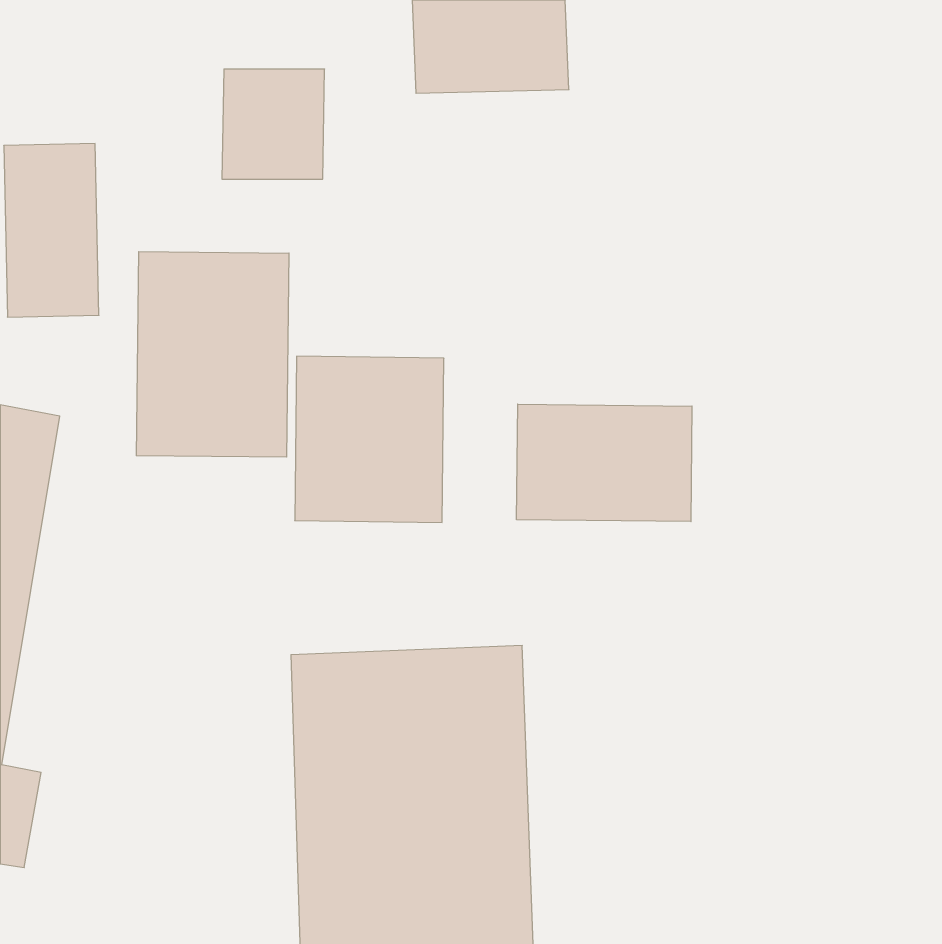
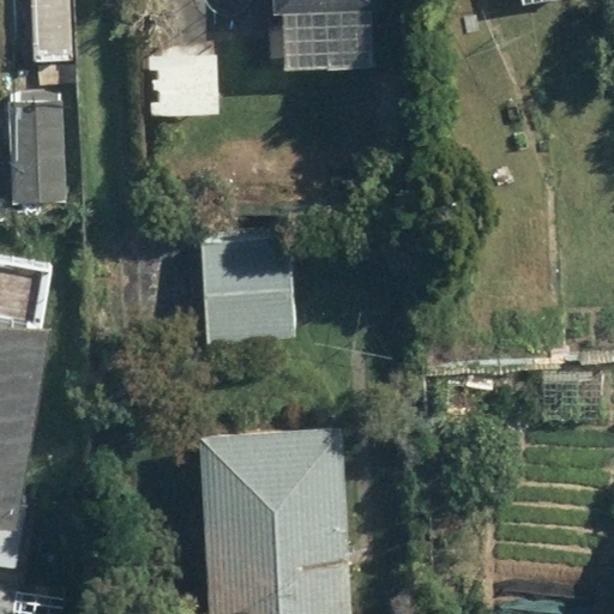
building: [136,252,289,457] -> none
building: [517,404,692,522] -> none

